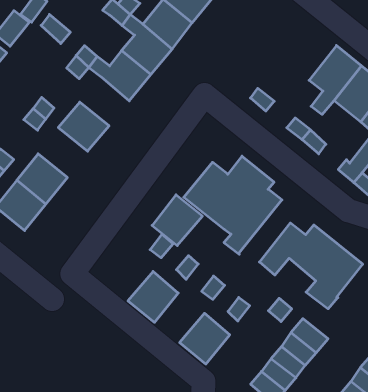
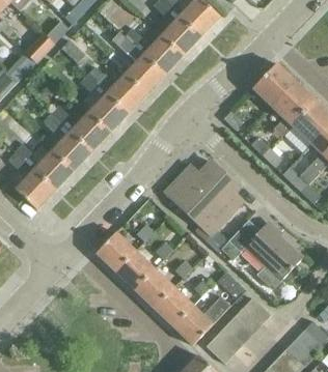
building: none -> [252,62,296,107]
building: none -> [88,91,128,131]
building: none -> [52,128,91,169]
building: [152,195,202,246] -> [95,230,136,270]
building: none -> [134,267,174,307]
building: none -> [172,293,231,344]

